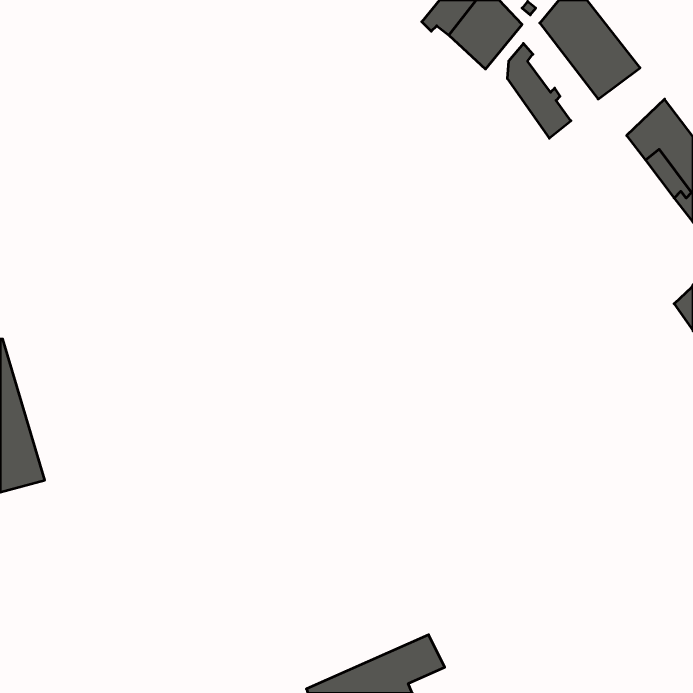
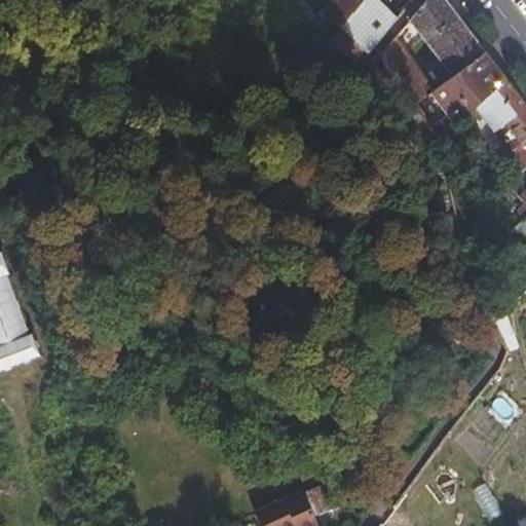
building: none -> [433,51,503,122]

